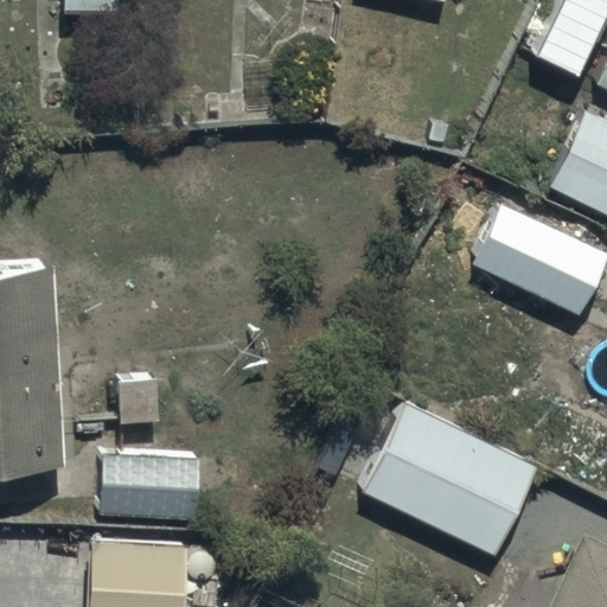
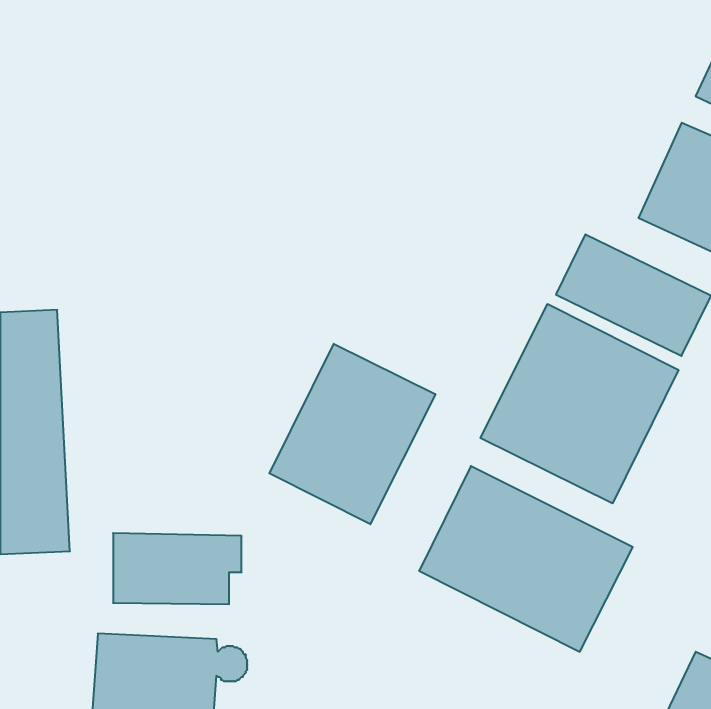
building: none -> [480,304,678,503]
building: none -> [269,344,435,524]

